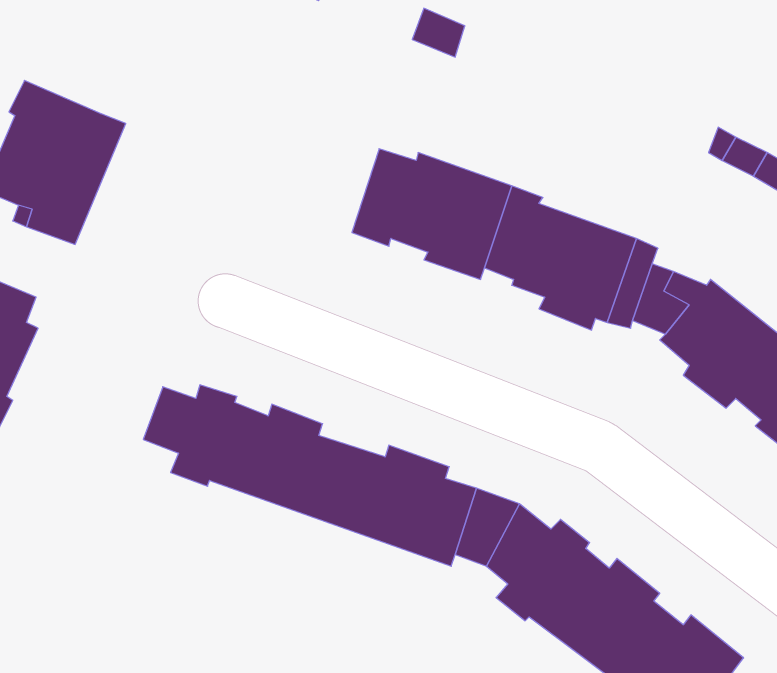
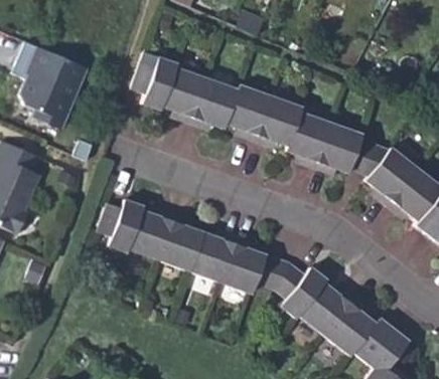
building: none -> [130,54,221,128]

